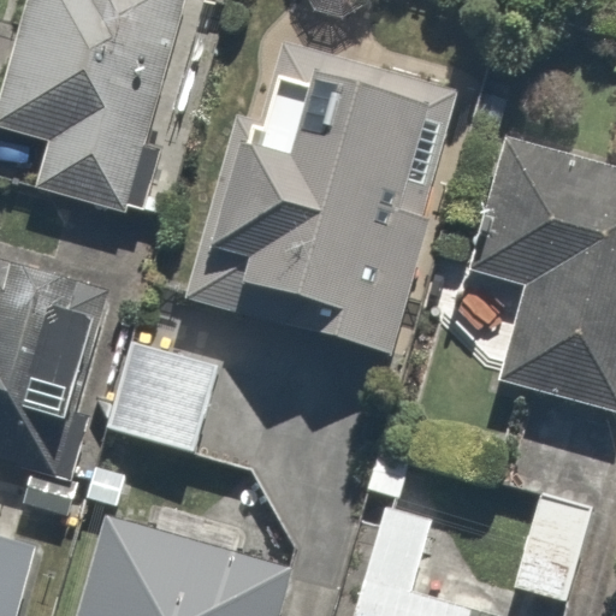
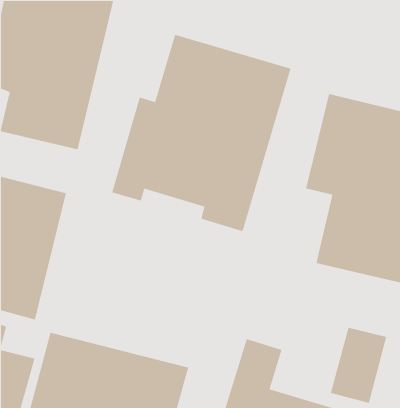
building: [111,339,224,449] -> none

